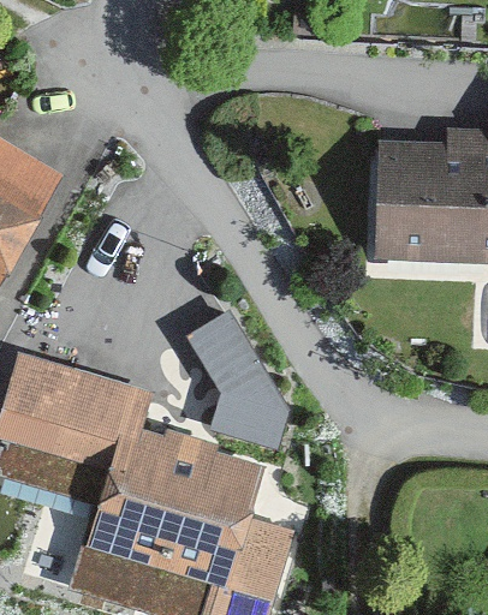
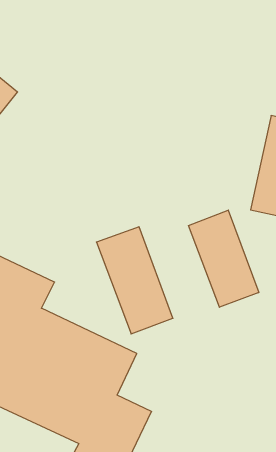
building: none -> [188,210,259,307]

